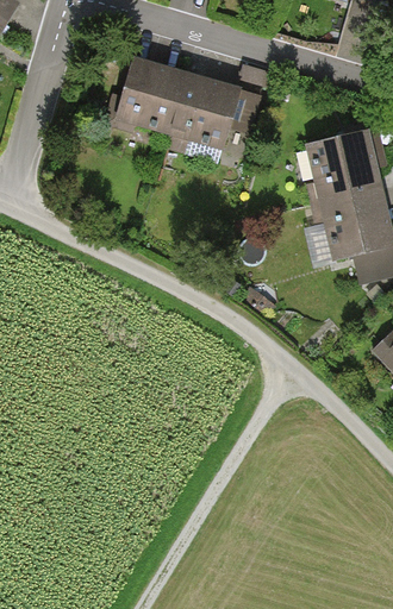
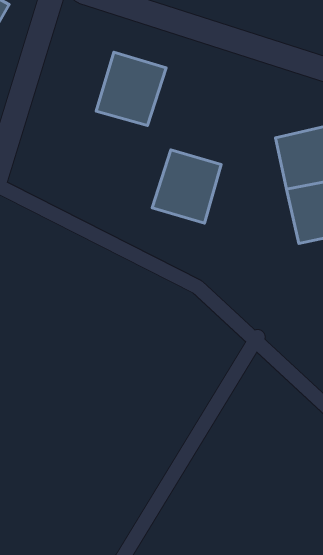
building: [170,74,244,152] -> [152,150,221,223]

